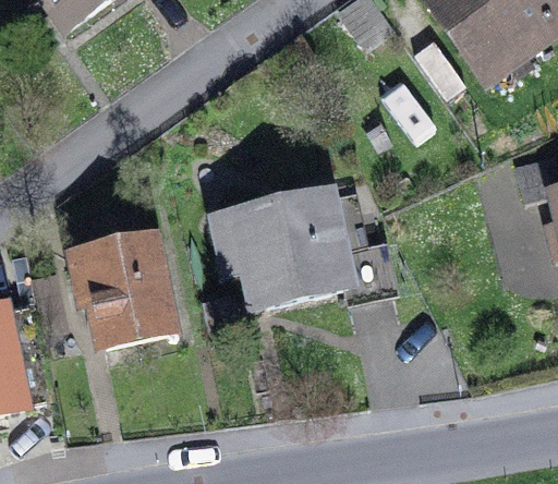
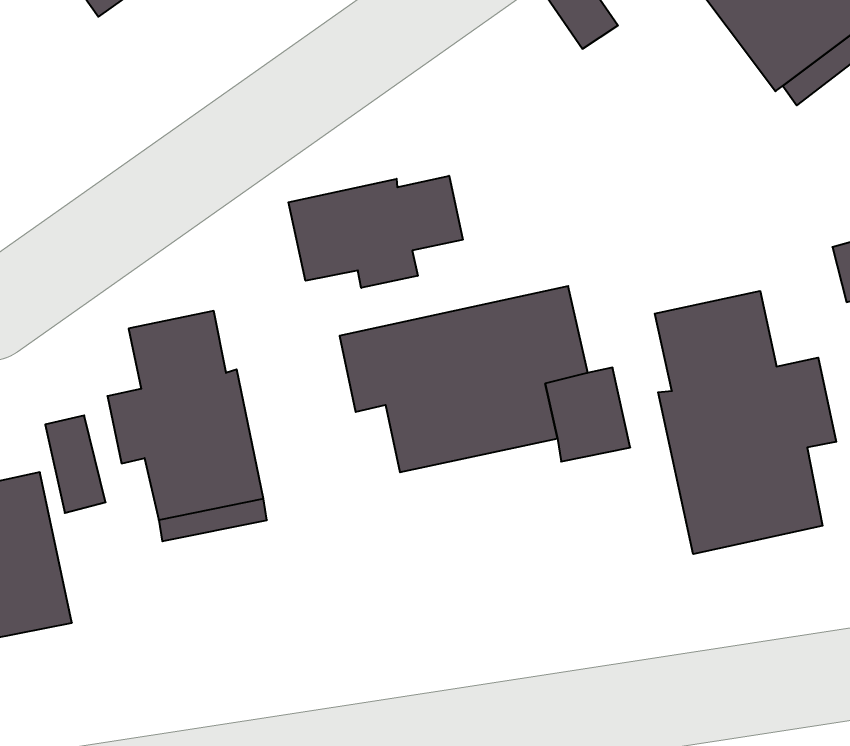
building: none -> [288,176,463,288]
building: none -> [655,291,836,554]

